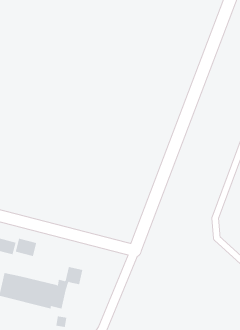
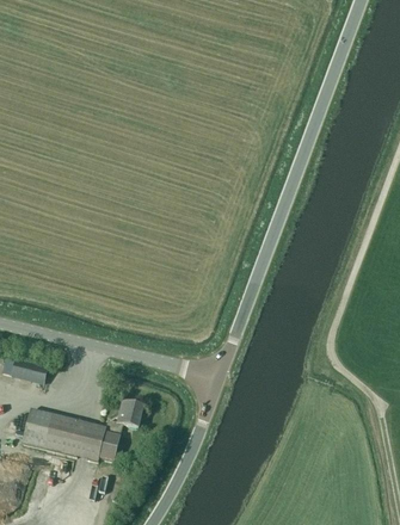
building: [15,238,37,257] -> none

